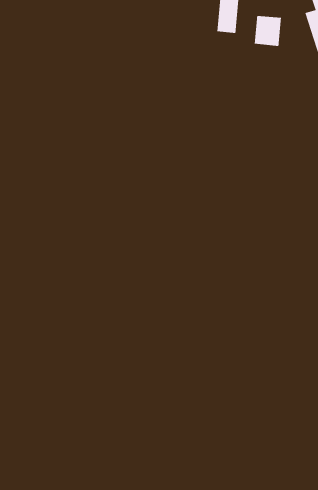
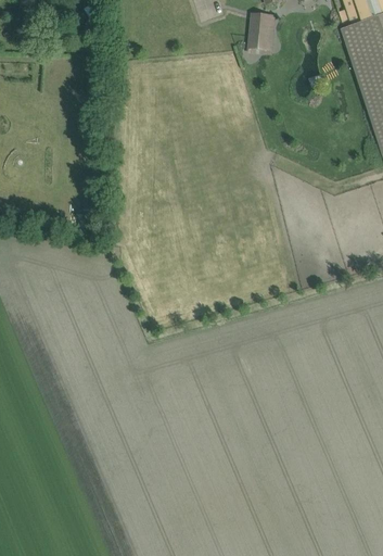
building: [254,15,282,47] -> none

